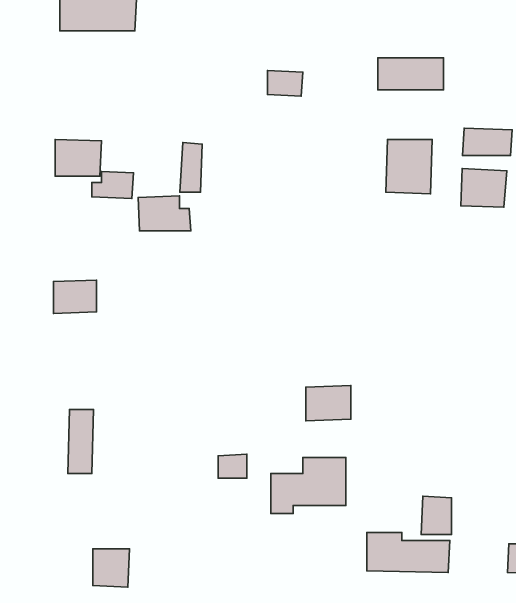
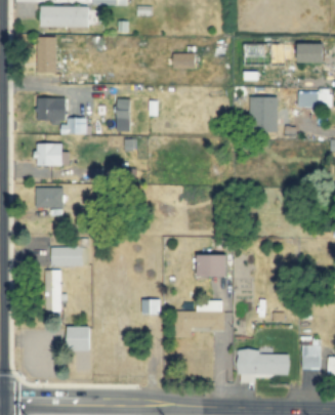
building: none -> [37,37,56,73]
building: none -> [298,44,325,64]
building: [461,168,507,207] -> none
building: [138,196,191,231] -> [36,143,70,166]
building: none -> [51,247,83,267]
building: [421,496,451,534] -> [301,345,321,370]
building: [93,549,130,587] -> [68,327,91,351]

